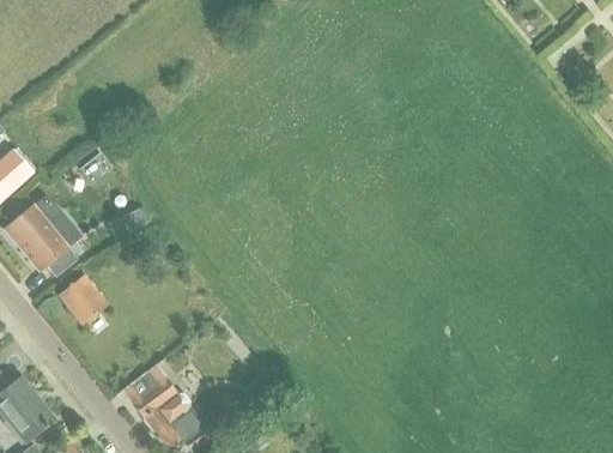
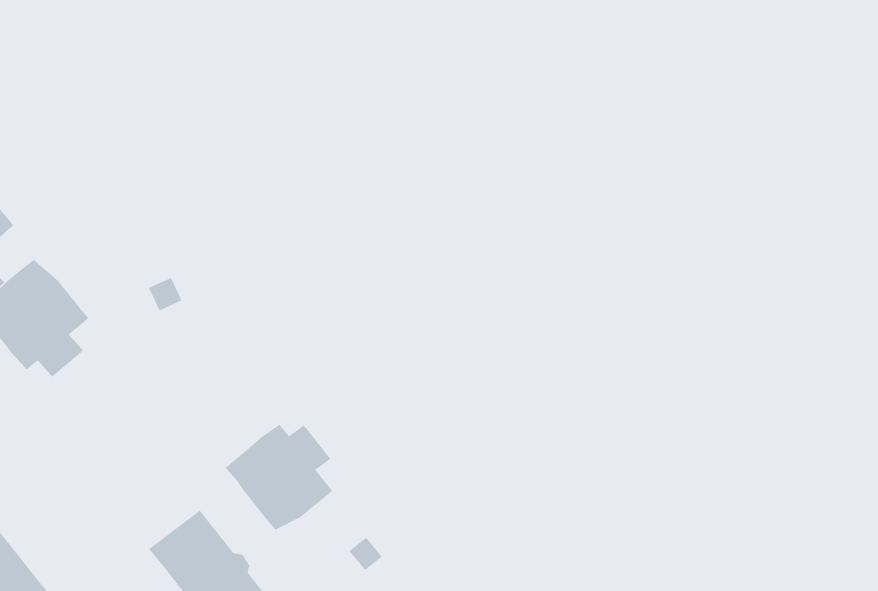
building: [57,273,108,325] -> none
building: none -> [225,424,333,530]

